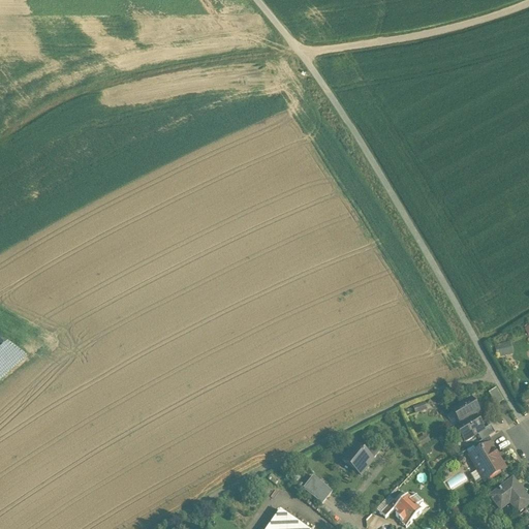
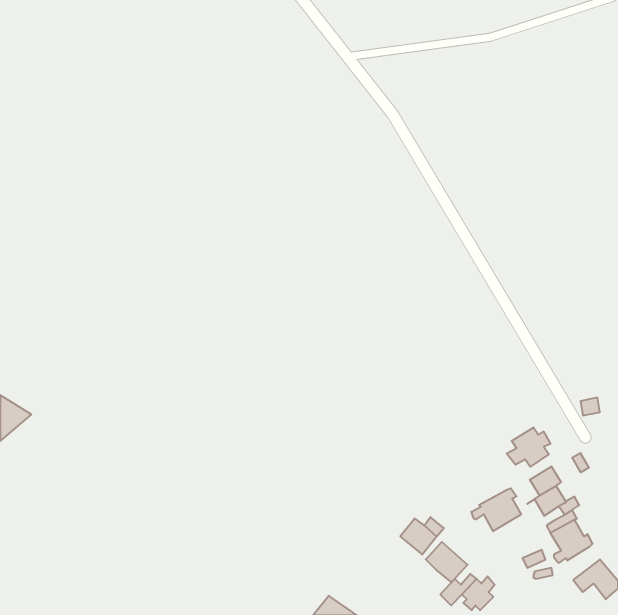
building: none -> [507,427,550,467]
building: none -> [471,488,521,531]
building: none -> [426,542,468,582]
building: [303,475,333,504] -> none

